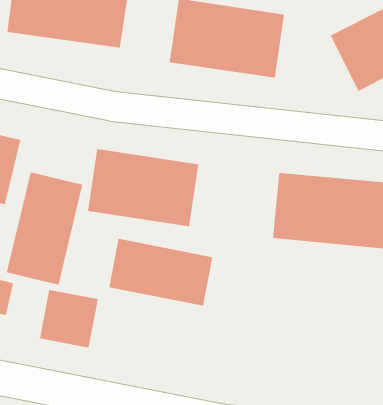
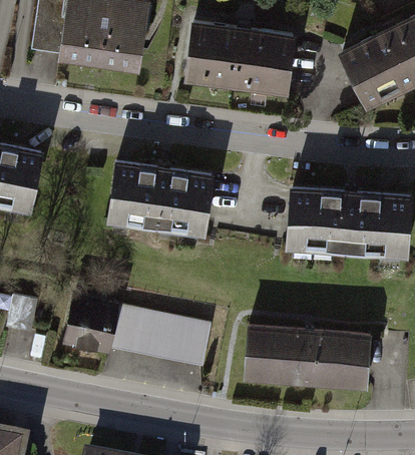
building: [6,171,83,285] -> none
building: [109,238,213,306] -> [110,307,211,372]
building: none -> [245,328,373,391]

